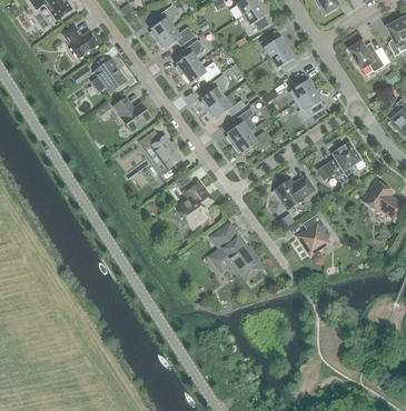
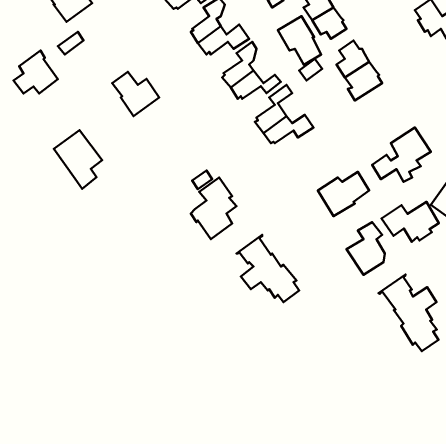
building: none -> [278,16,321,65]
building: [90,58,125,91] -> [13,51,58,93]
building: [143,134,181,180] -> [54,130,102,189]
building: none -> [382,202,439,242]
building: none -> [378,274,438,351]

